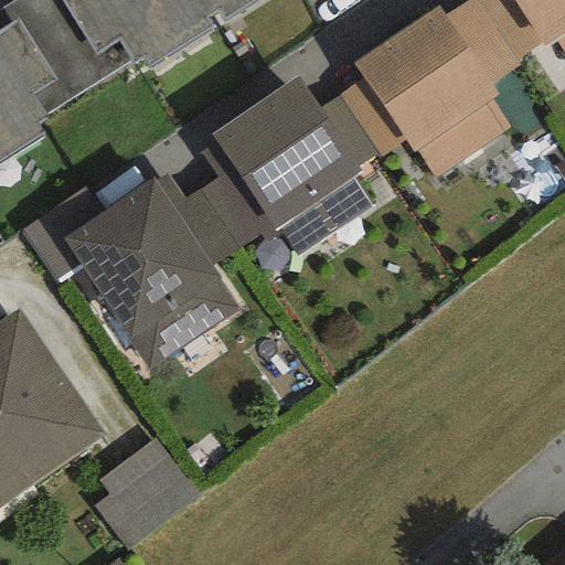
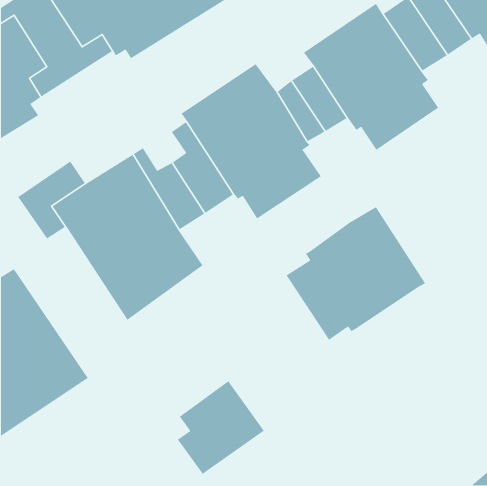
building: none -> [286,206,426,341]
building: [95,437,196,546] -> [177,380,265,475]

